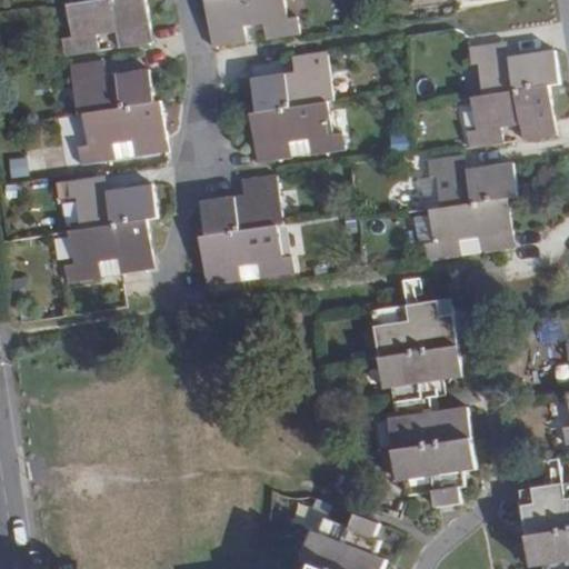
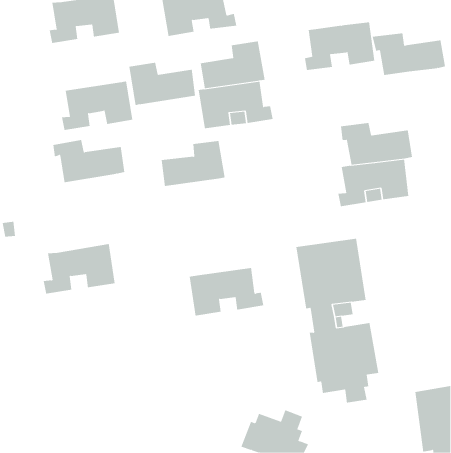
building: [68,60,152,114] -> [128,62,196,106]
building: [466,86,555,147] -> [304,22,375,71]
building: [62,218,153,281] -> [43,243,116,294]
building: [198,223,292,284] -> [189,267,264,316]

